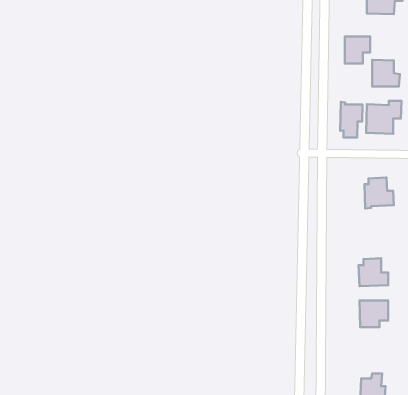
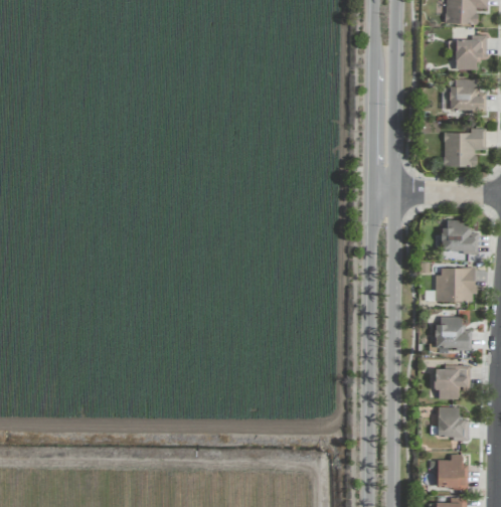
building: [345,37,370,64] -> [456,37,486,69]
building: [340,102,363,138] -> none
building: none -> [436,268,476,301]
building: none -> [438,406,469,441]

